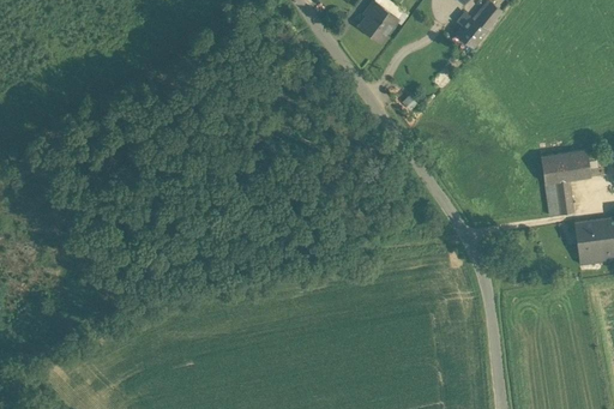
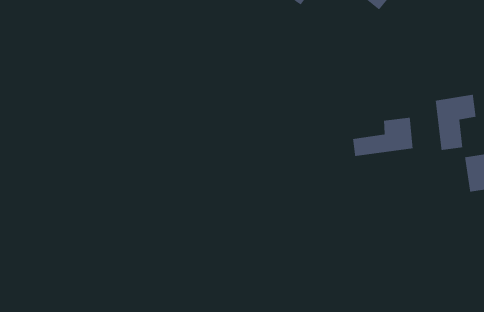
building: none -> [352,117,413,157]

